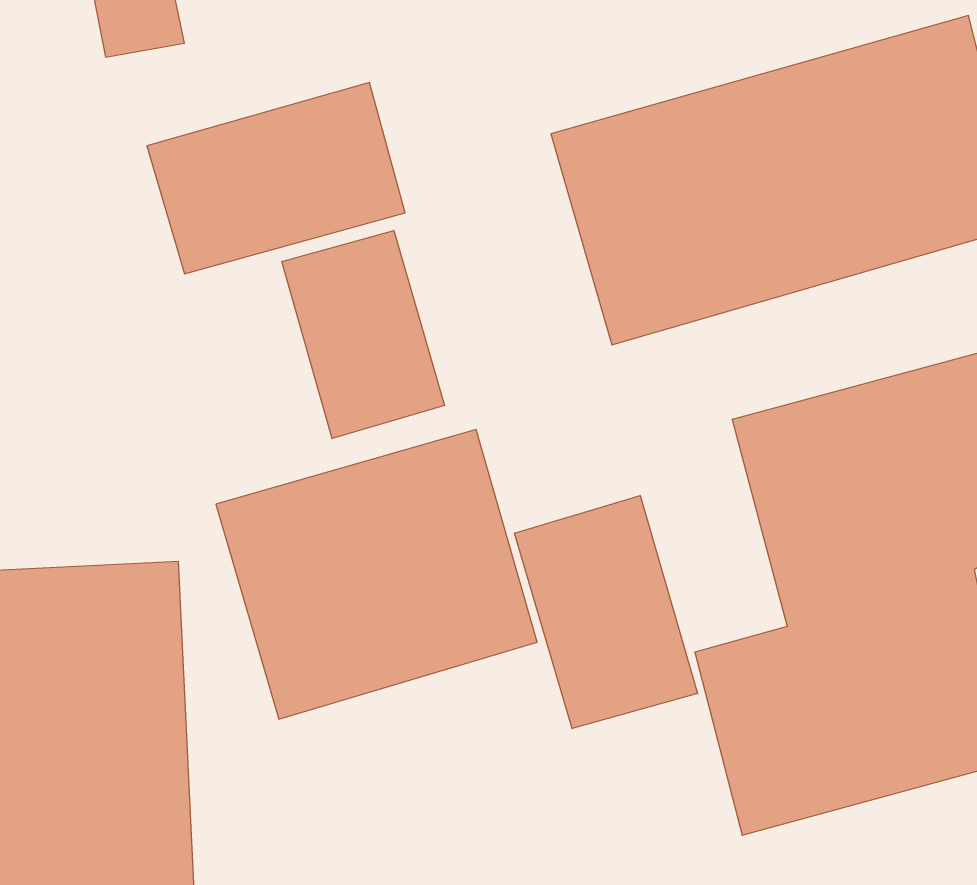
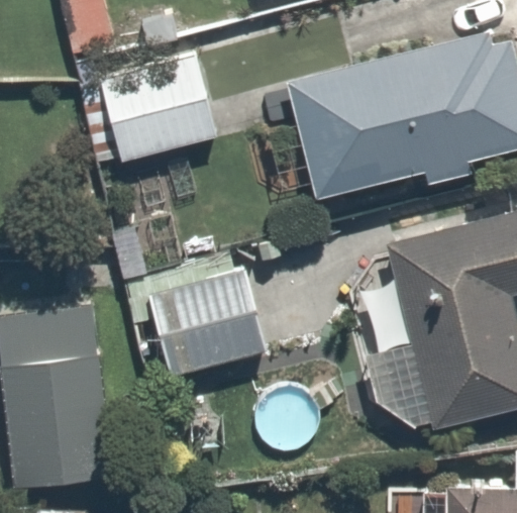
building: [282,231,445,439] -> none
building: [514,496,697,729] -> none

